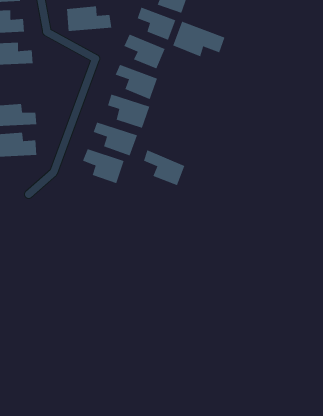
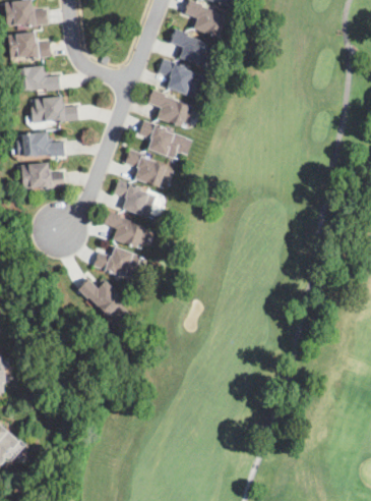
building: [66,6,112,32] -> [32,96,80,123]
building: [173,21,225,57] -> none
building: [143,149,185,186] -> [104,211,148,249]
building: none -> [92,247,143,279]
building: none -> [80,279,127,325]

